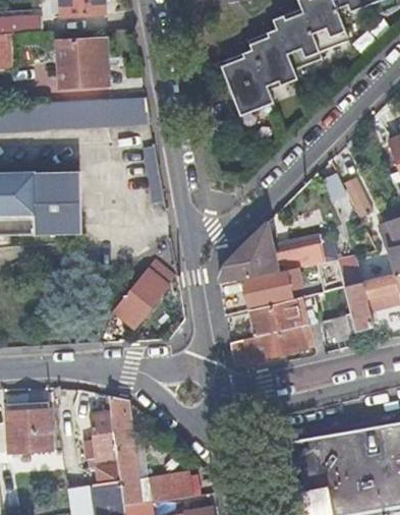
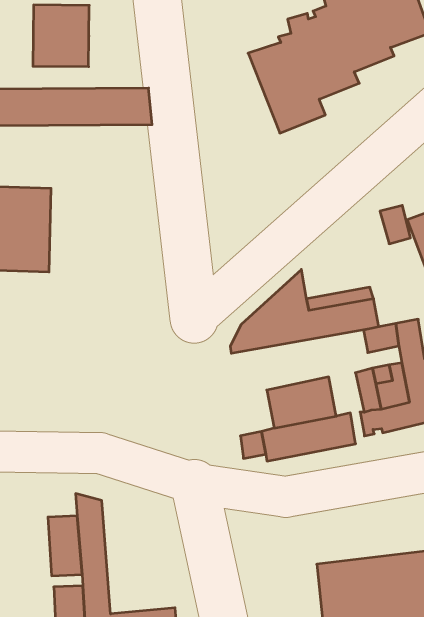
building: [117,255,174,319] -> none
building: [244,273,292,305] -> none

